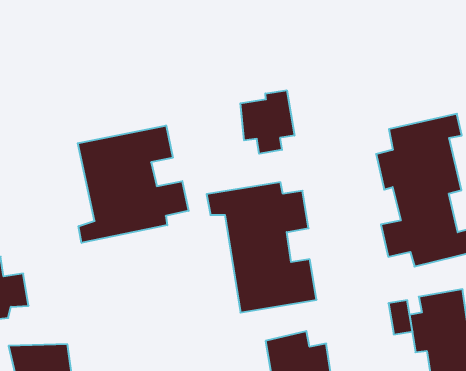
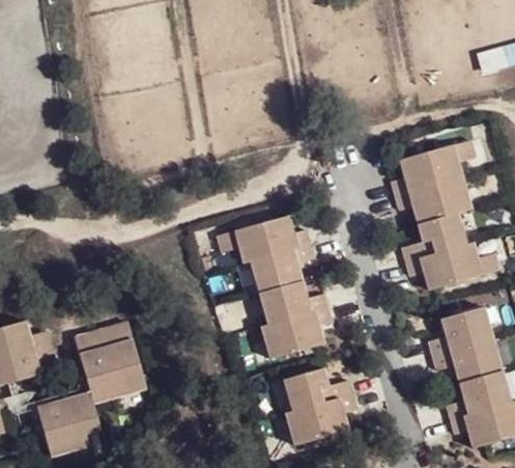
building: [240,90,294,154] -> none
building: [78,125,189,243] -> none
building: none -> [73,318,137,395]

